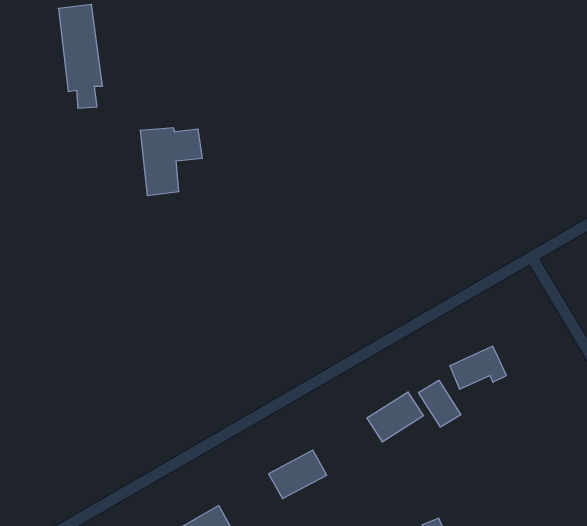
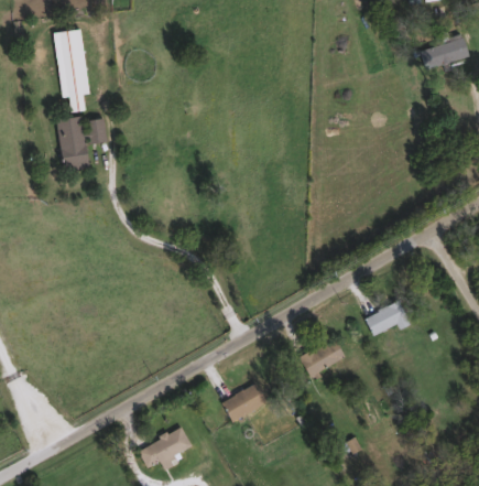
building: none -> [421,30,470,68]
building: [140,128,202,196] -> [57,117,107,171]
building: [419,380,461,427] -> none

